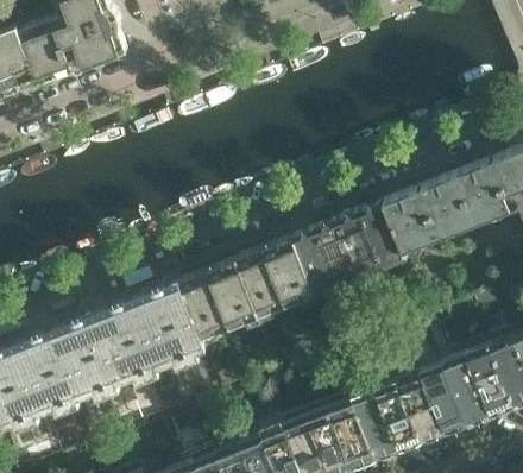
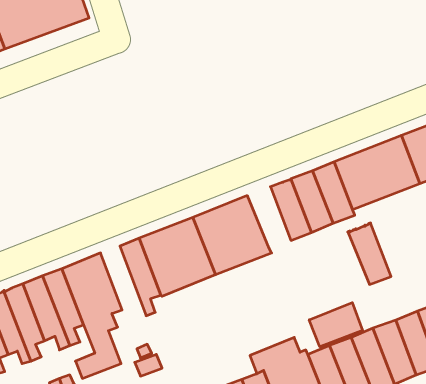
building: [290,229,335,294] -> [348,223,391,284]
building: [137,291,188,376] -> none
building: none -> [309,303,362,347]

